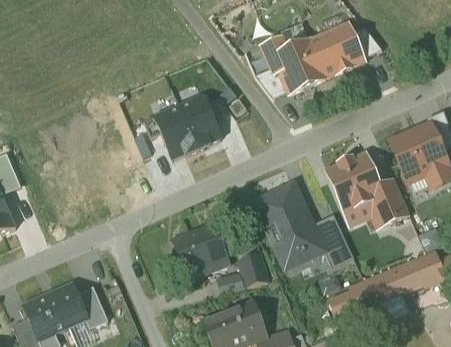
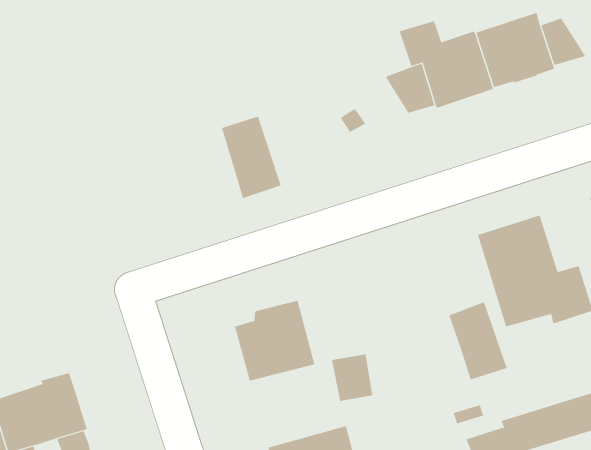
building: [177,96,222,150] -> none
building: [255,182,321,263] -> none
building: [77,285,108,327] -> none

